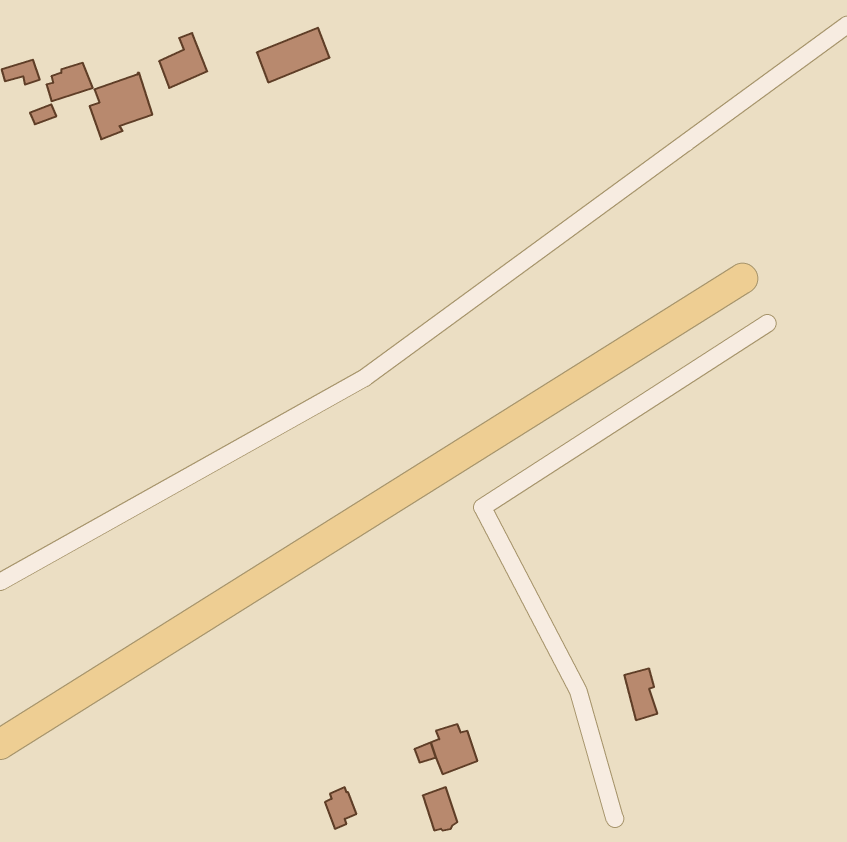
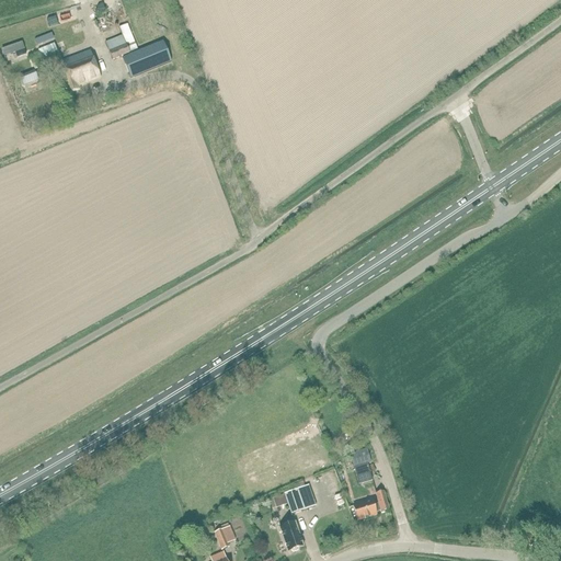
building: [257,28,330,82] -> [123,39,171,76]
building: [624,669,657,720] -> [351,448,373,482]
building: none -> [353,490,389,518]

